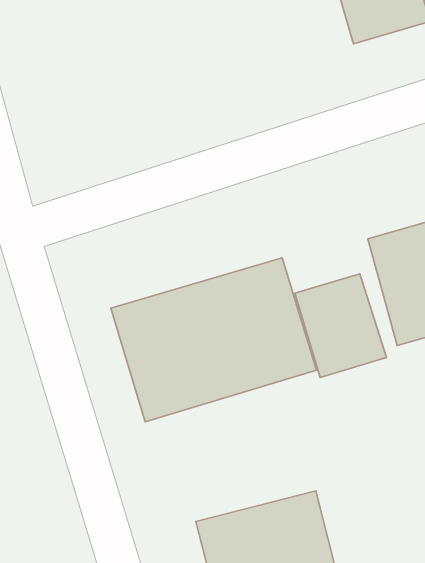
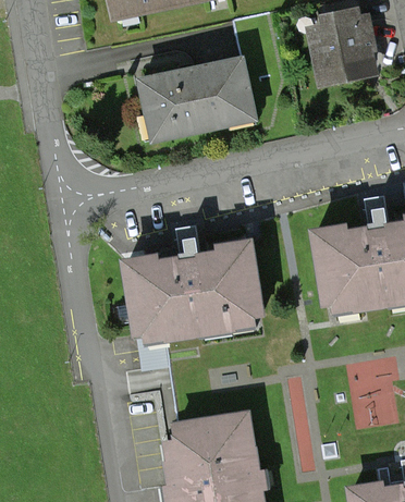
building: none -> [135,62,253,139]
building: [295,274,386,377] -> none

